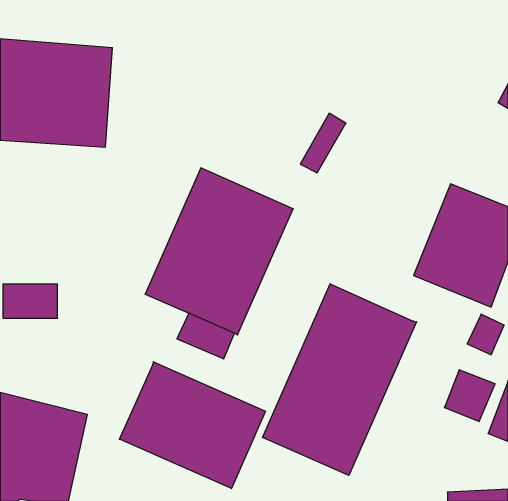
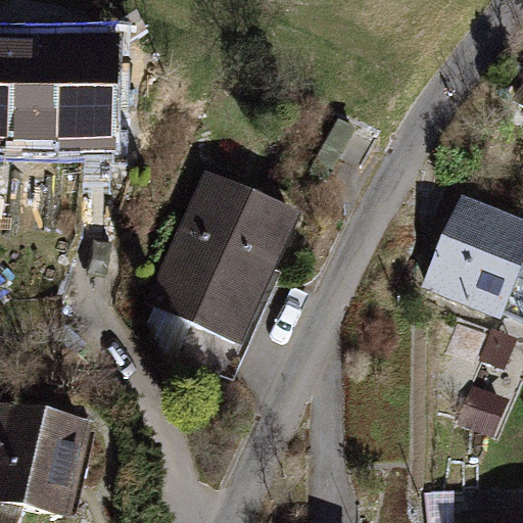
building: [263,284,417,475] -> none
building: [119,362,265,489] -> none

